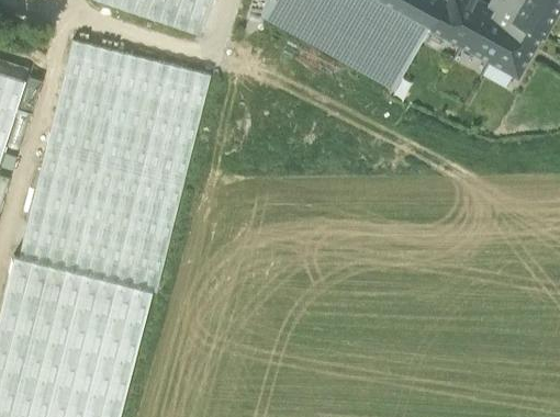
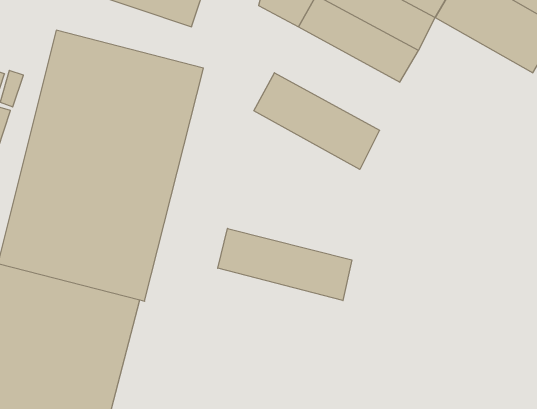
building: none -> [254,73,380,169]
building: none -> [218,228,352,301]

